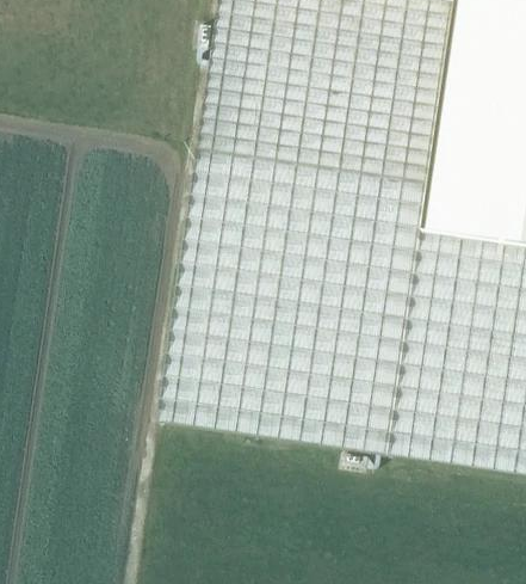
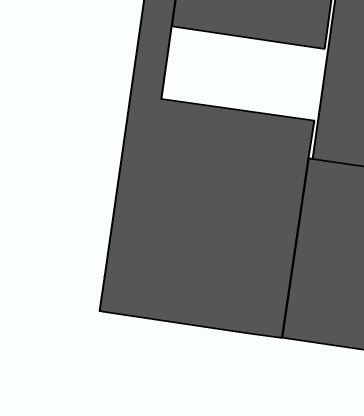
building: [236,61,441,180] -> none

